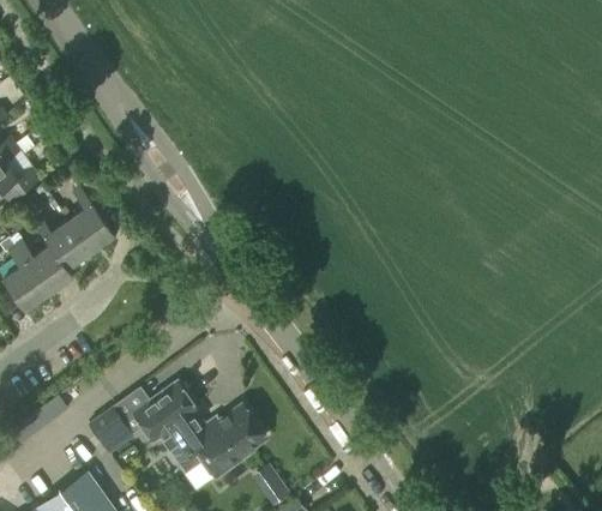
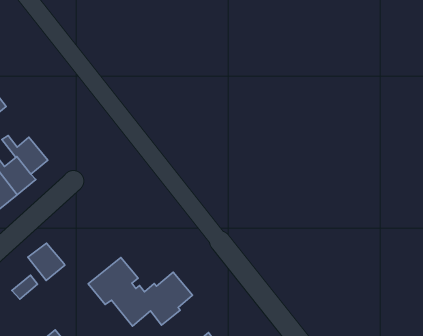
building: [66,188,113,252] -> none
building: [86,408,133,456] -> [28,243,65,280]

